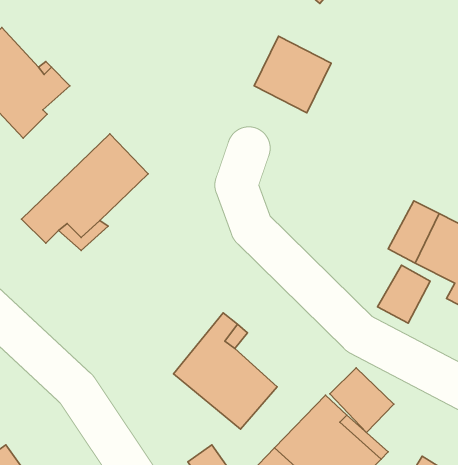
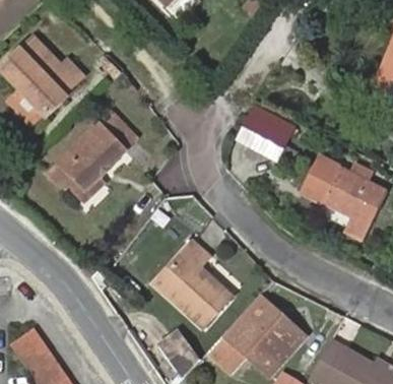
building: [254,36,331,113] -> [241,105,296,159]
building: [377,265,430,323] -> none
building: [330,368,394,432] -> none

